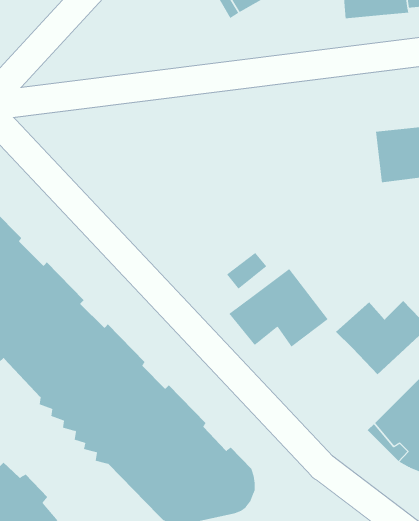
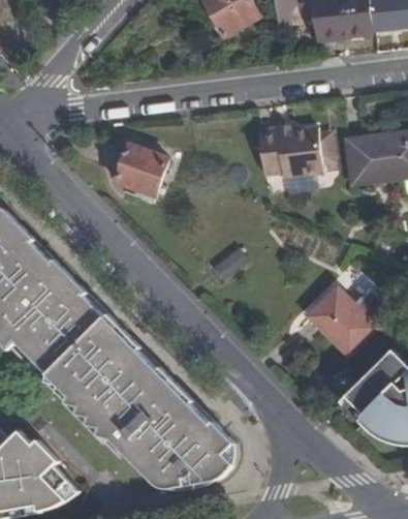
building: none -> [259,128,321,179]
building: none -> [120,151,168,200]
building: [228,268,329,348] -> none

